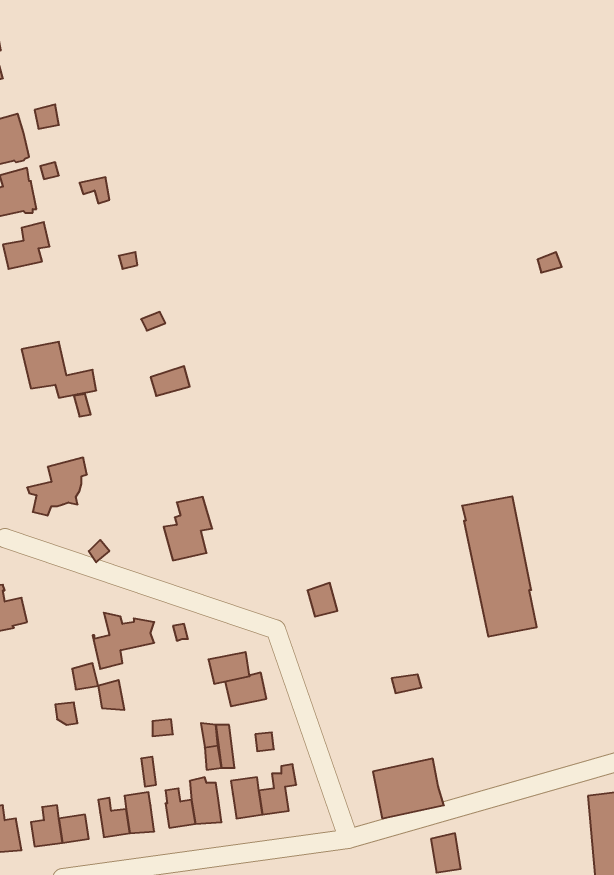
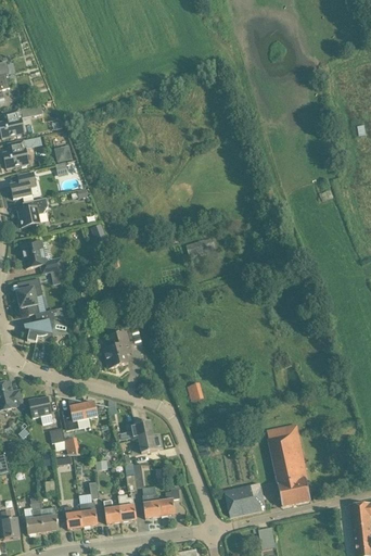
building: none -> [17,197,47,227]
building: none -> [16,277,42,307]
building: [462,496,537,637] -> [266,424,309,505]
building: none -> [28,395,52,424]

